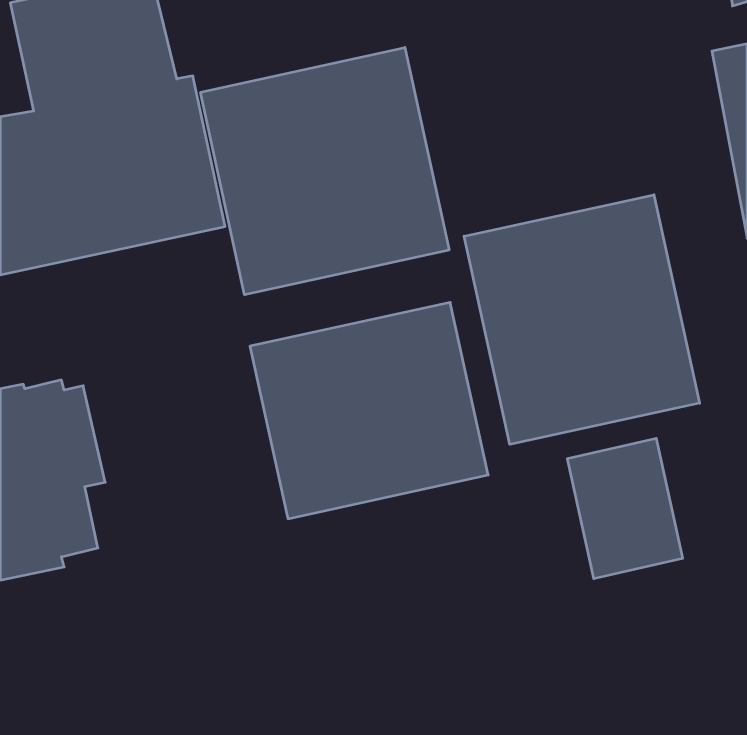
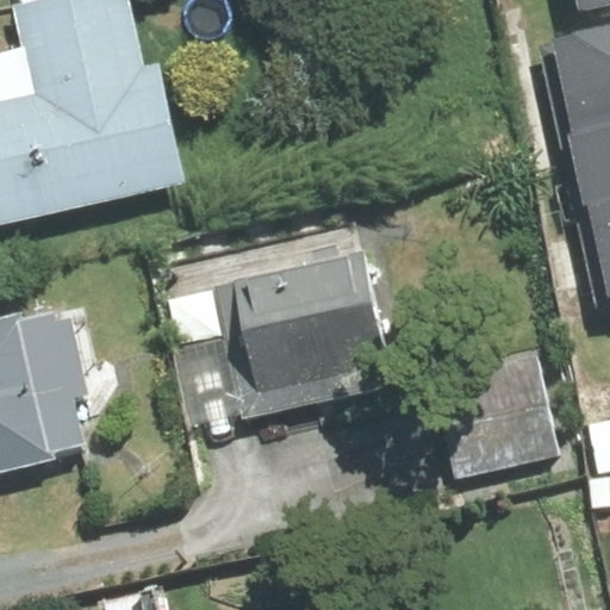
building: [201,47,449,295] -> none
building: [464,195,700,444] -> none

